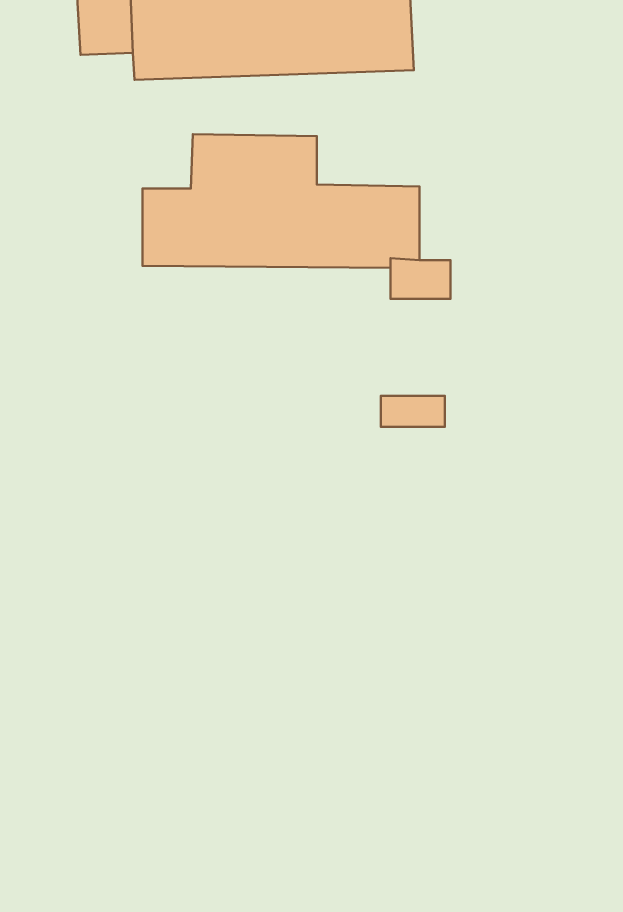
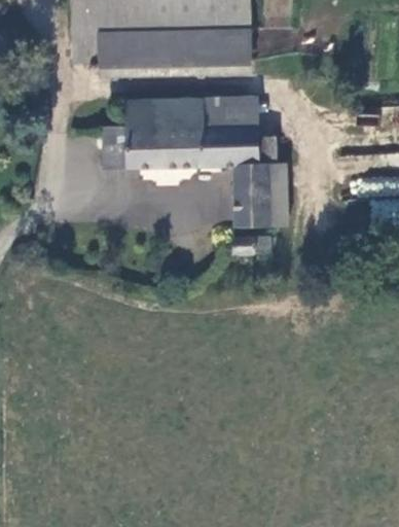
building: none -> [202,99,256,126]
building: none -> [241,185,273,224]

